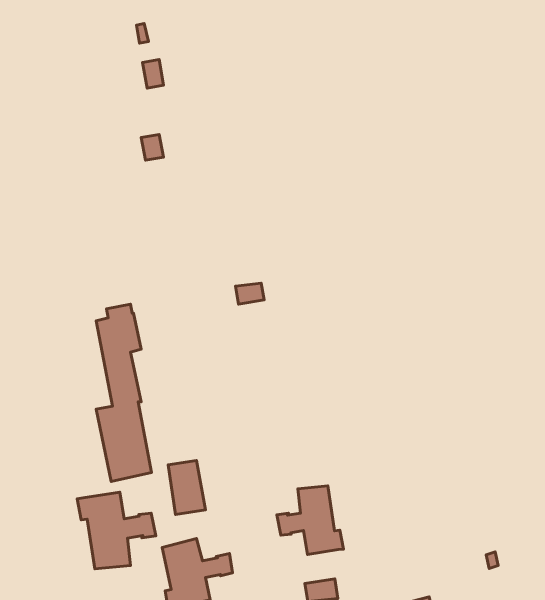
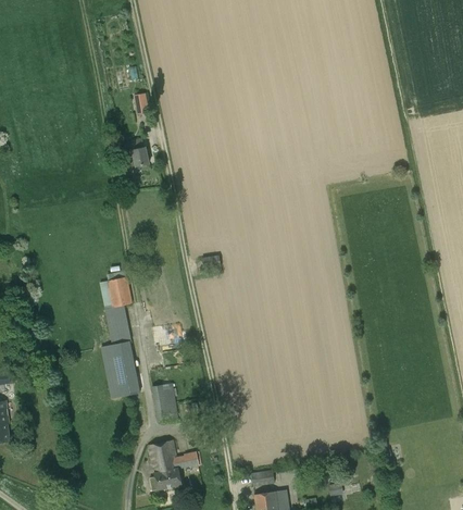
building: [277,486,343,554] -> none
building: [77,492,156,569] -> none

